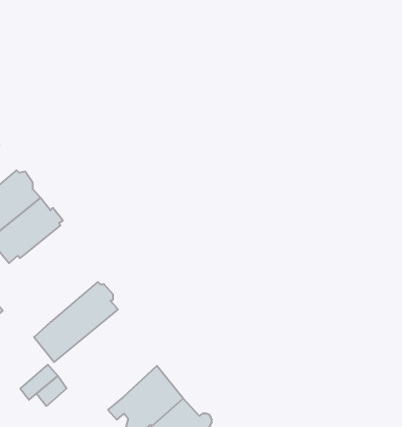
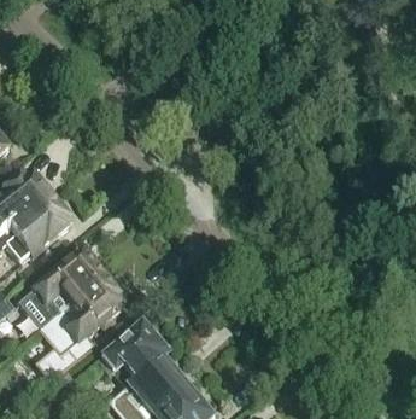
building: none -> [20,252,105,330]
building: none -> [101,328,168,388]

